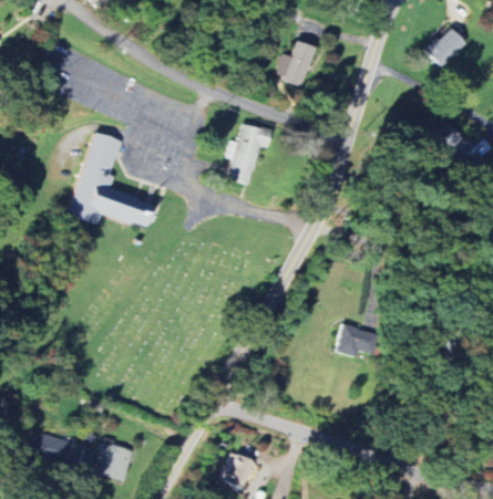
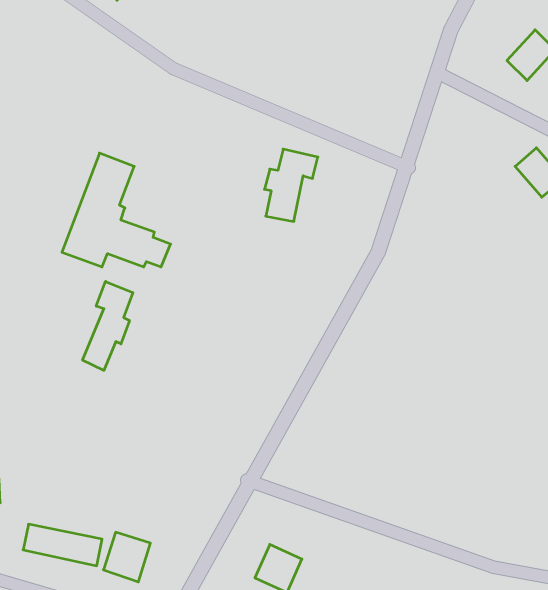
building: [276,41,316,85] -> none
building: none -> [83,281,133,370]
building: [336,322,373,358] -> none

